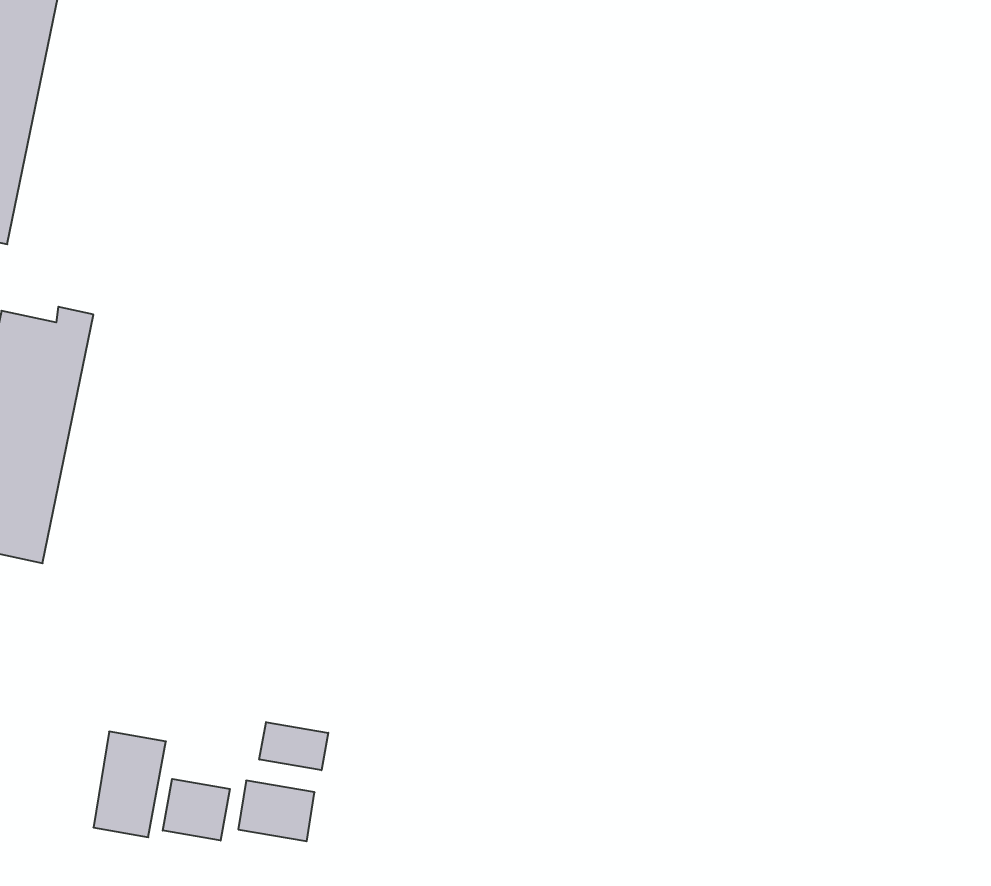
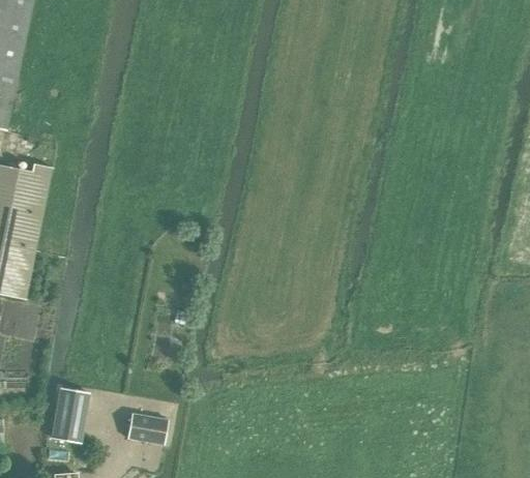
building: [259,722,328,770] -> none
building: [163,779,230,841] -> none

